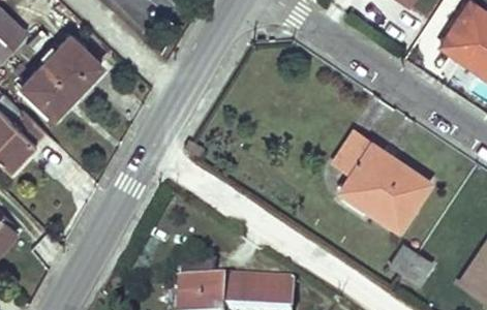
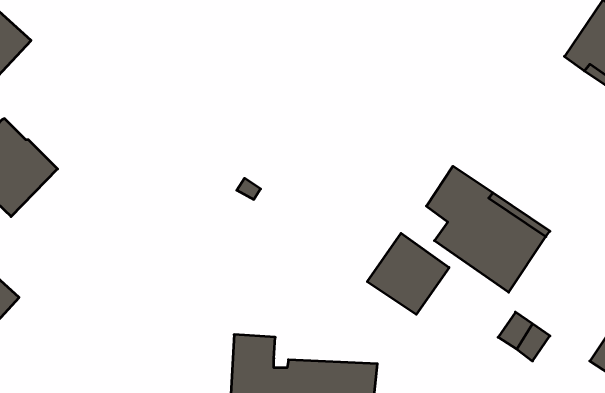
building: [22,37,101,118] -> none
building: none -> [367,233,449,314]

